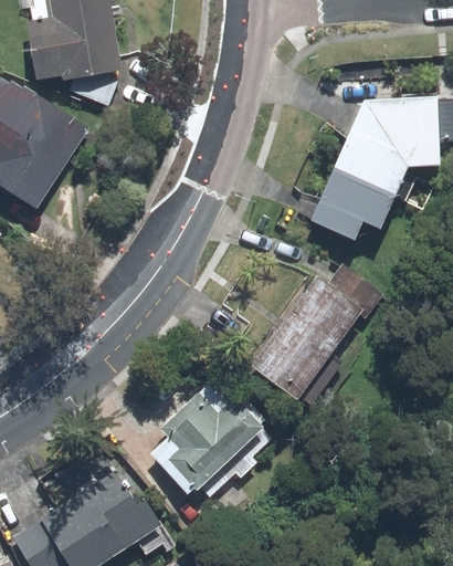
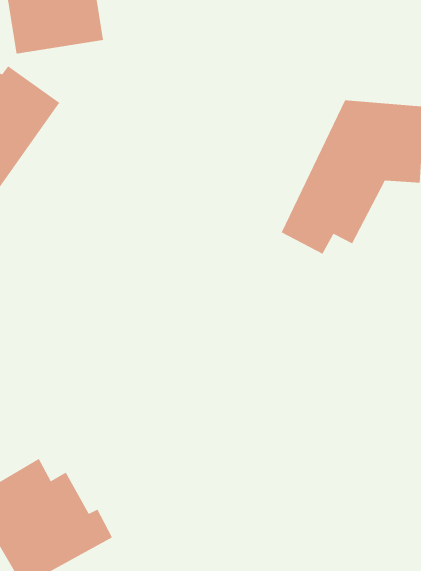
building: [254,273,367,405] -> none
building: [149,373,271,497] -> none

